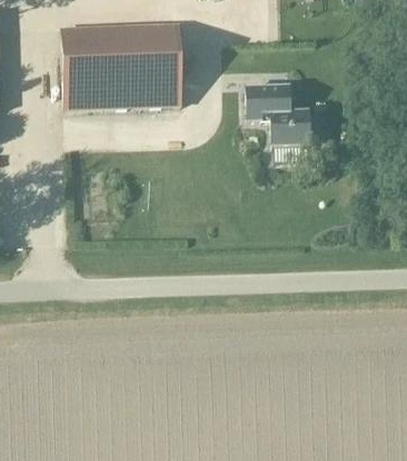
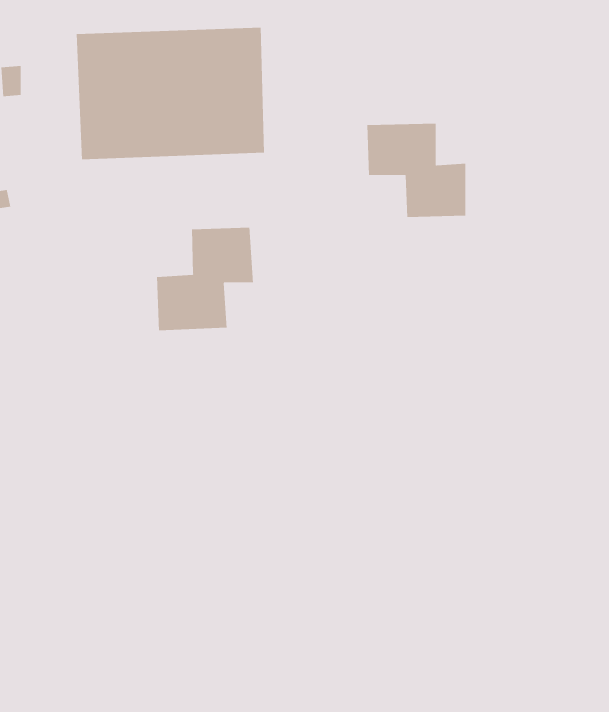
building: none -> [157,227,253,331]

